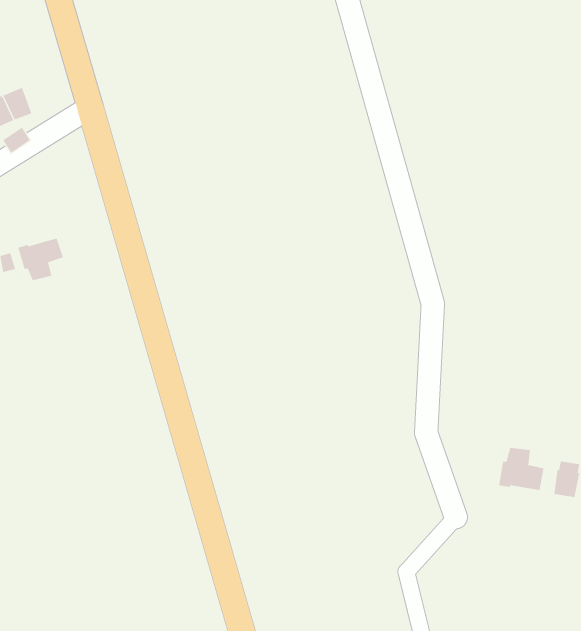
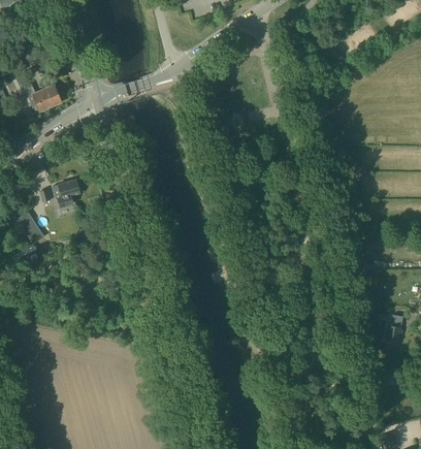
building: [499,447,544,491] -> none

